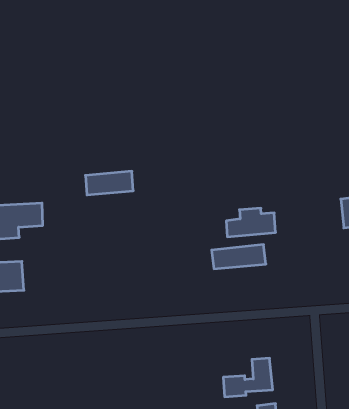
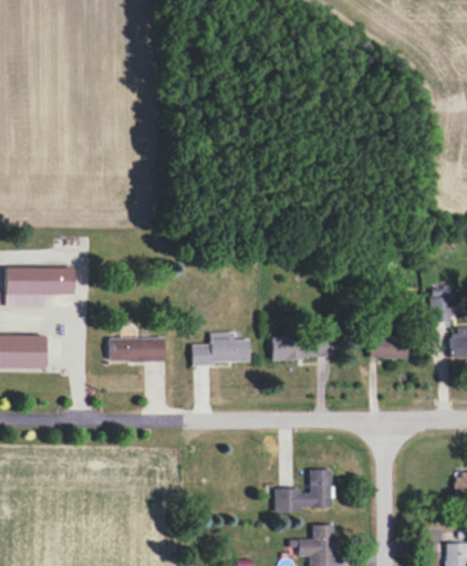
building: [85,171,133,195] -> [110,337,165,361]
building: [226,208,276,237] -> [193,333,250,364]
building: none -> [371,335,408,358]

